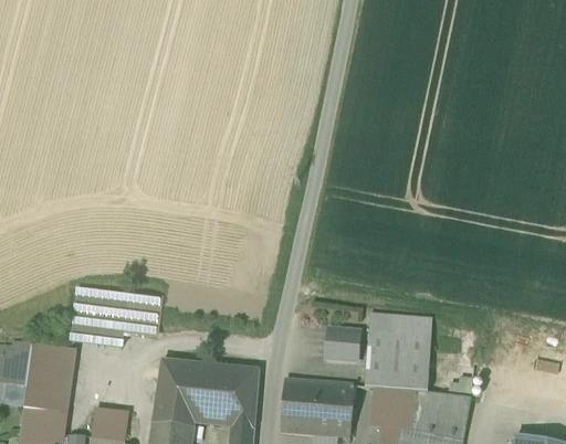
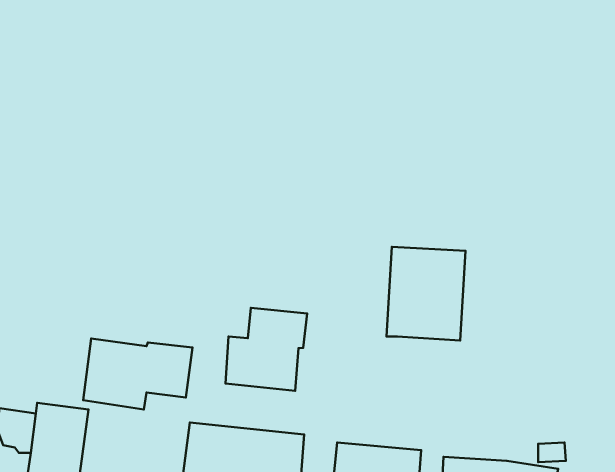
building: none -> [225,308,307,391]
building: [365,313,431,391] -> [387,247,466,340]
building: [323,325,361,363] -> none

